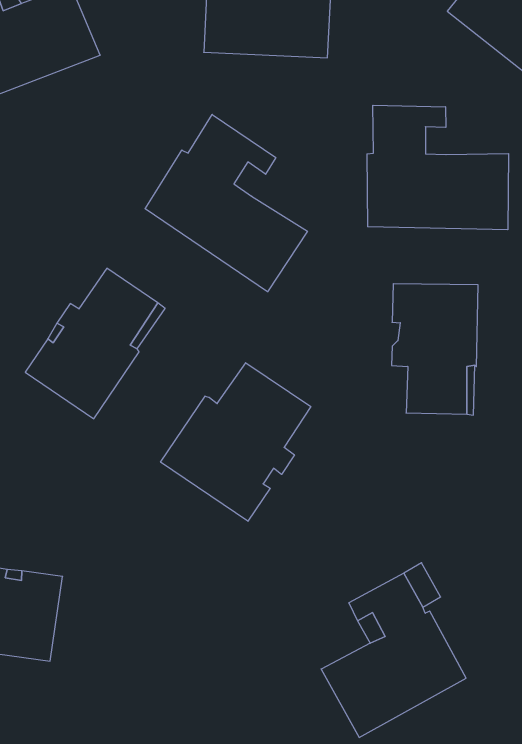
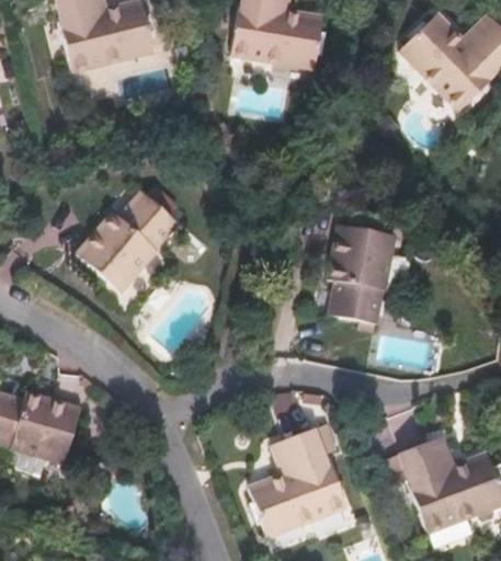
building: [367,105,508,230] -> none
building: [145,114,307,292] -> none
building: [161,363,311,521] -> none

